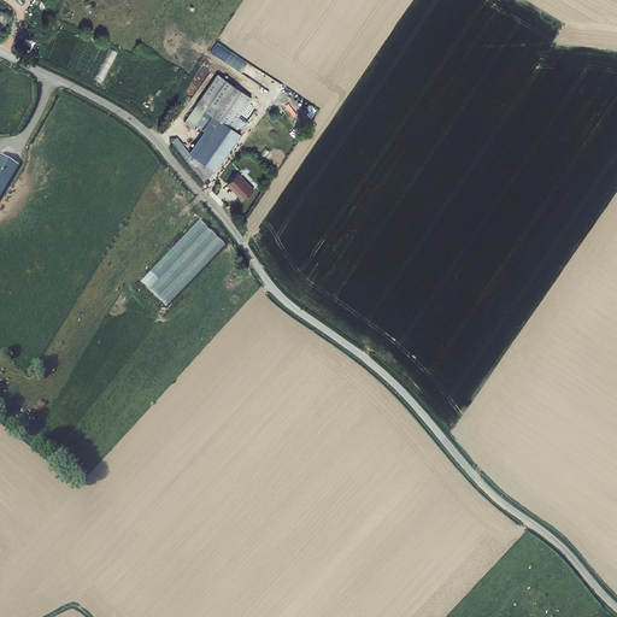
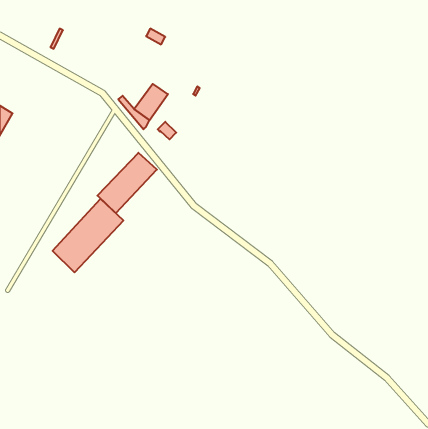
building: [186,74,252,130] -> none
building: none -> [53,199,123,272]

